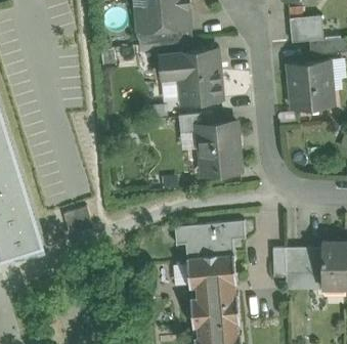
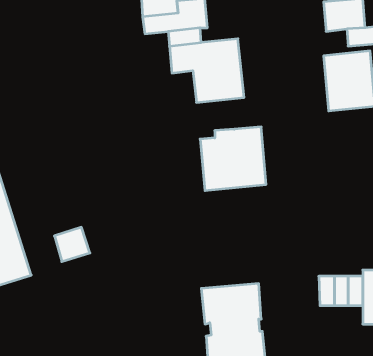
building: [177,115,213,135] -> none
building: [173,222,245,260] -> none

